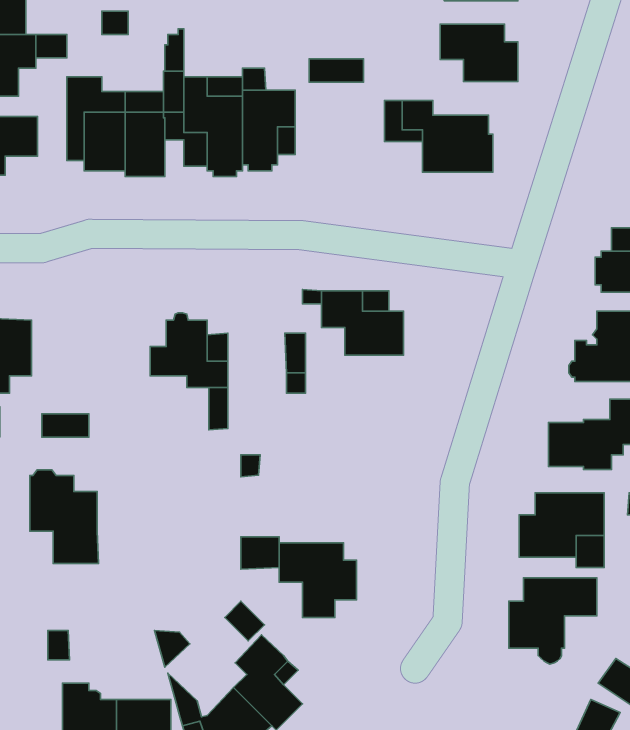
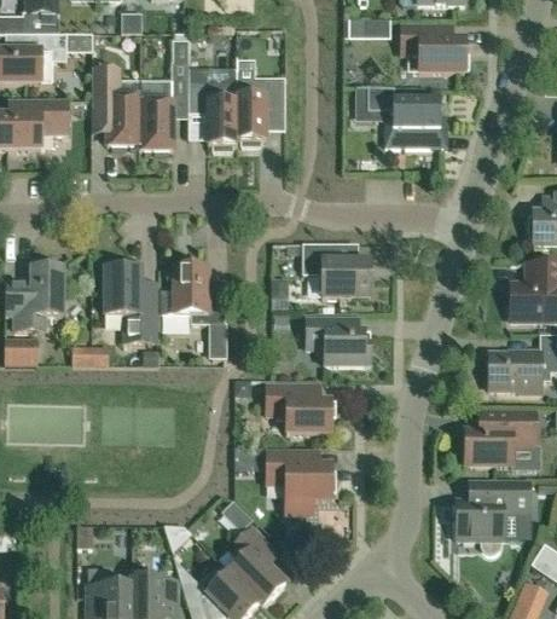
building: [309,59,363,82] -> [344,19,389,39]
building: none -> [306,317,370,365]
building: none -> [266,384,331,434]
building: [30,470,99,563] -> [105,264,162,341]
building: none -> [500,513,529,543]

